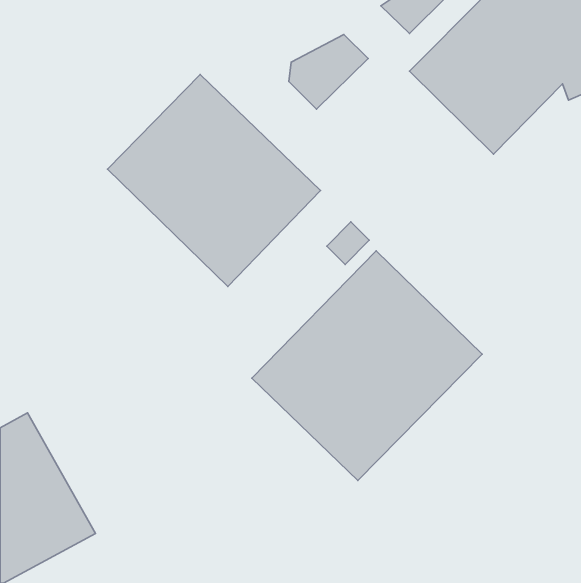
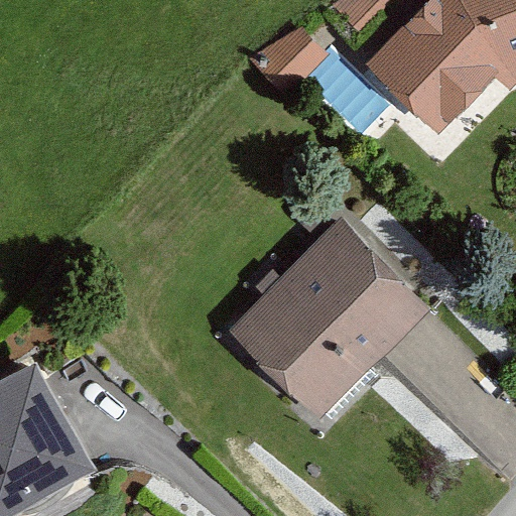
building: [107,74,321,286] -> none

